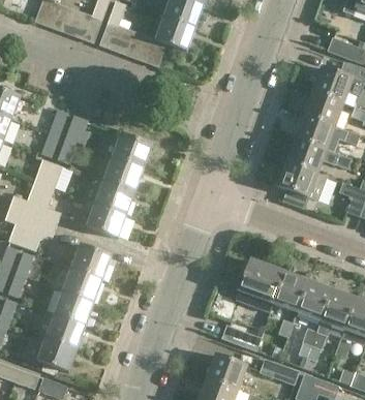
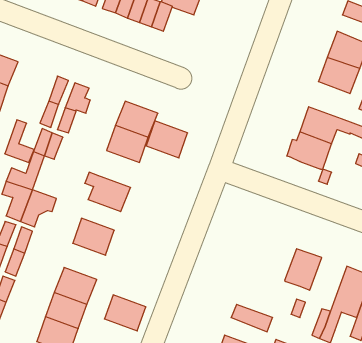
building: [295,114,334,149] -> none
building: [95,179,134,214] -> [146,121,188,158]
building: [33,184,61,224] -> [5,120,34,163]
building: [236,257,283,311] -> none
building: [63,267,102,301] -> [104,295,146,331]
building: [296,280,331,319] -> none

